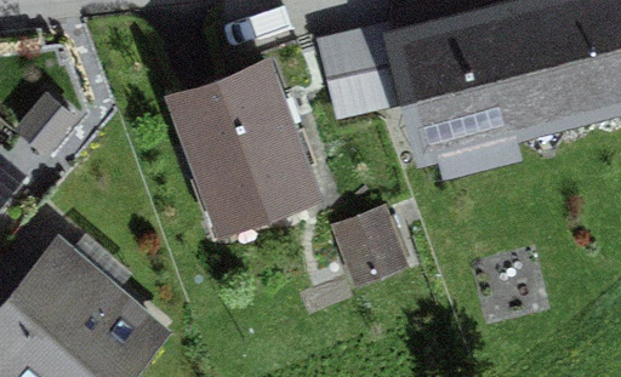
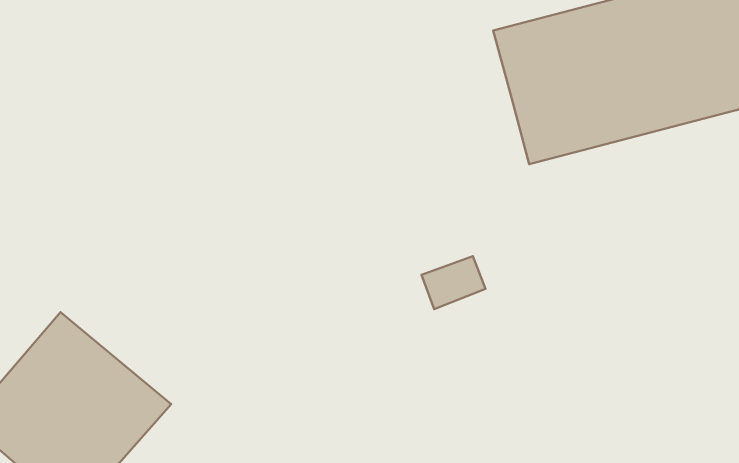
building: [320,21,411,110] -> none
building: [177,64,308,212] -> none

